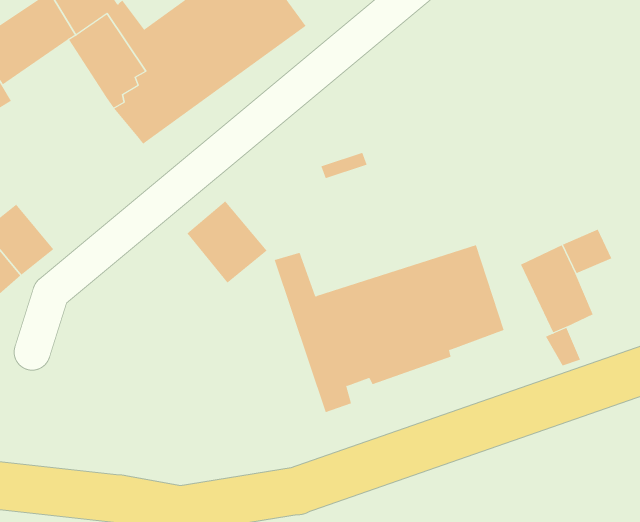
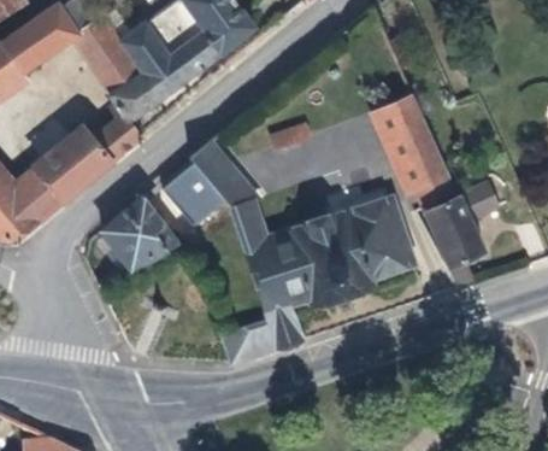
building: none -> [372,95,449,210]
building: none -> [33,115,142,201]
building: none -> [190,140,261,210]
building: none -> [102,198,165,271]

